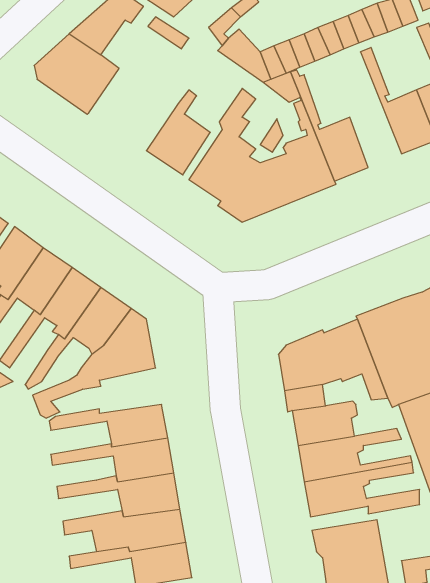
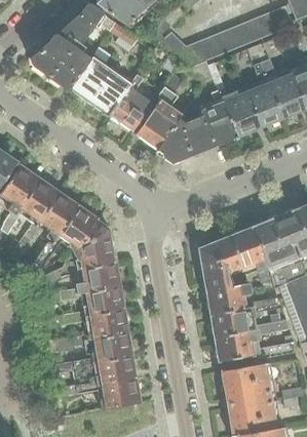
building: none -> [246,47,281,125]
building: none -> [70,55,130,115]
building: none -> [76,261,119,291]

